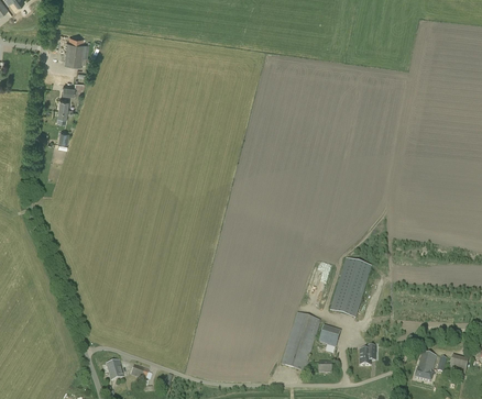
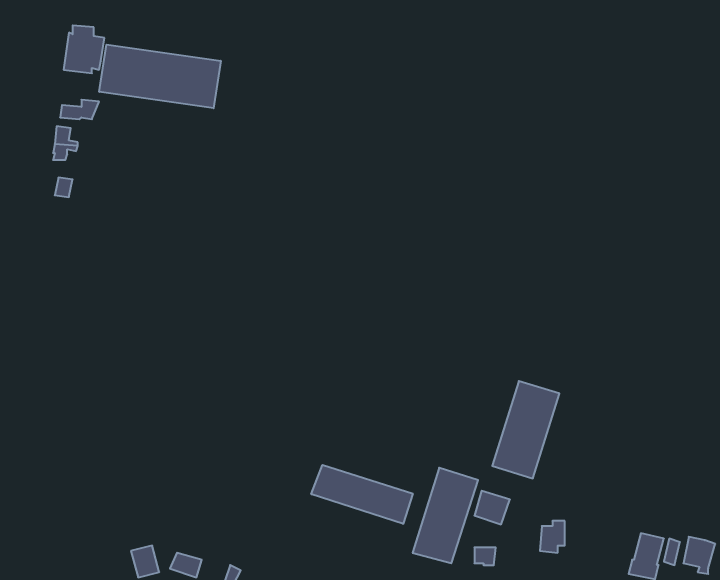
building: none -> [99,45,221,108]
building: none -> [311,465,413,524]

